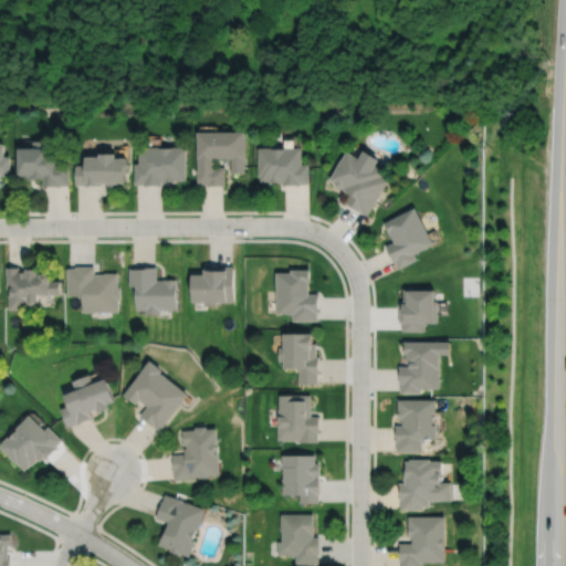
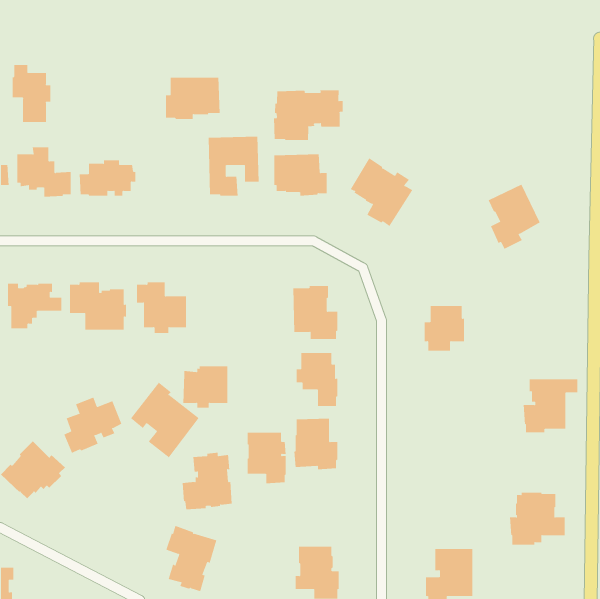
building: none -> [12,64,51,123]
building: none -> [273,90,343,141]
building: [134,146,186,186] -> [165,77,220,119]
building: [384,207,433,269] -> [488,184,541,250]
building: [190,266,233,306] -> [182,366,228,408]
building: [399,342,451,392] -> [523,379,578,433]
building: [396,400,437,453] -> none
building: [282,455,319,504] -> [247,432,287,484]
building: [399,460,452,510] -> [509,492,566,545]

